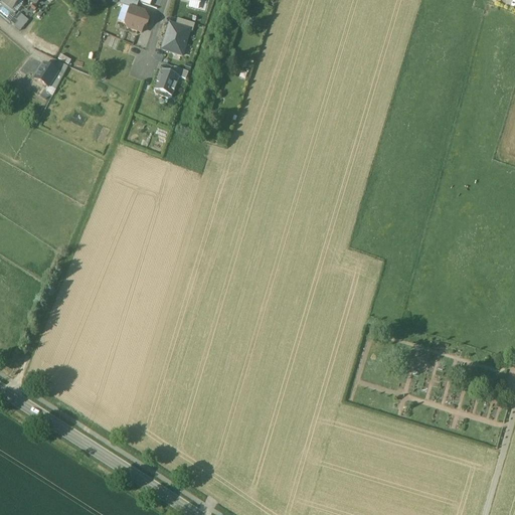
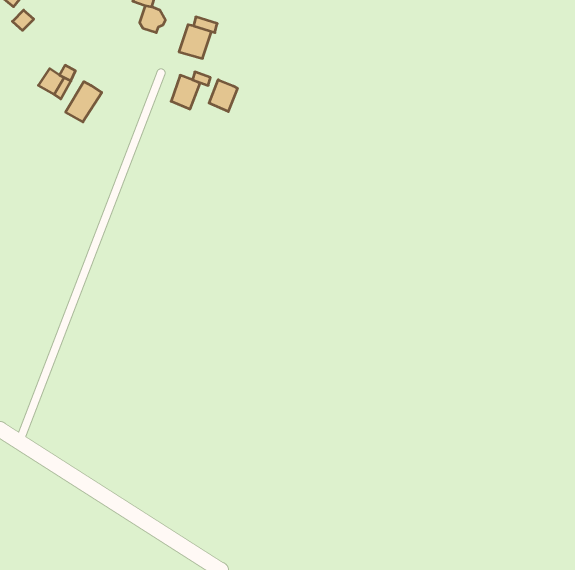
building: none -> [209,80,237,112]
building: none -> [66,82,102,122]

